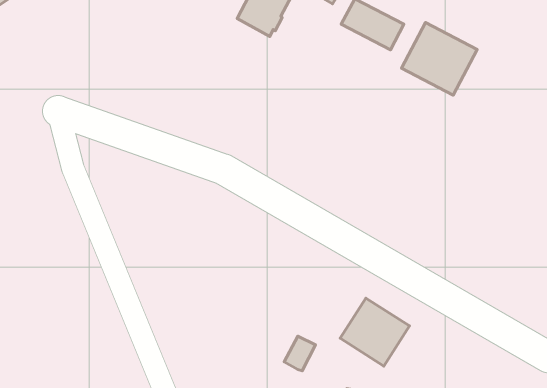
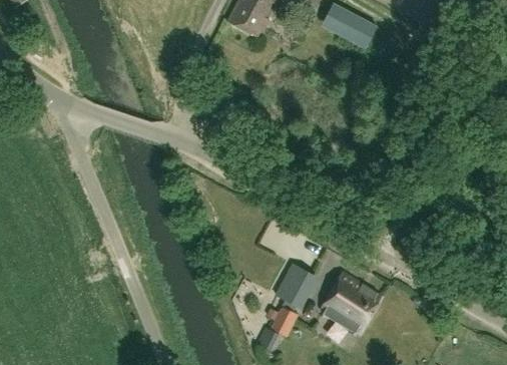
building: [402,23,477,95] -> none
building: none -> [276,263,318,309]

